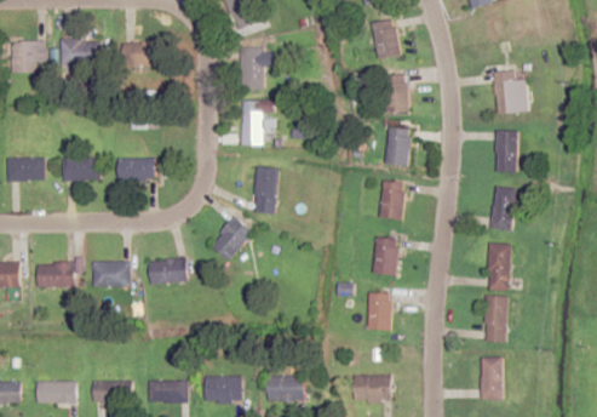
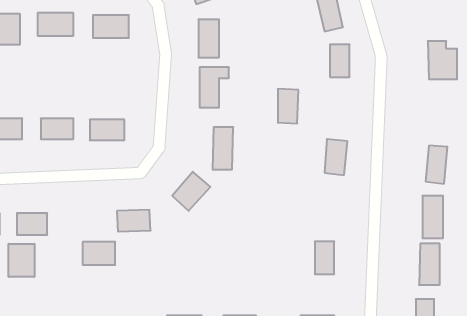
building: [386,126,409,165] -> [278,89,298,124]
building: [495,130,517,171] -> none
building: [373,236,396,274] -> none
building: [92,261,128,286] -> [83,242,115,265]
building: none -> [9,244,34,277]

